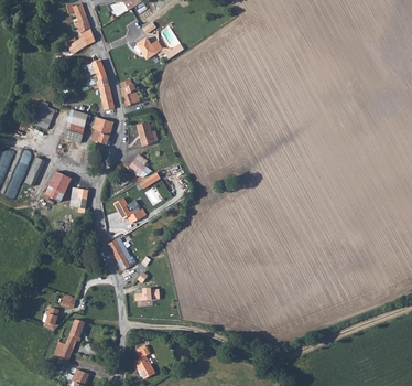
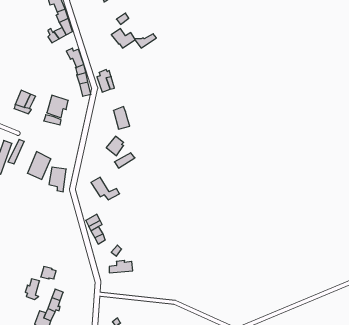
building: [87,115,112,144] -> none

